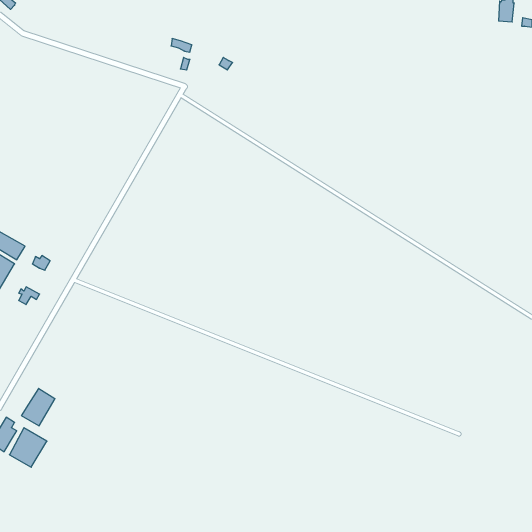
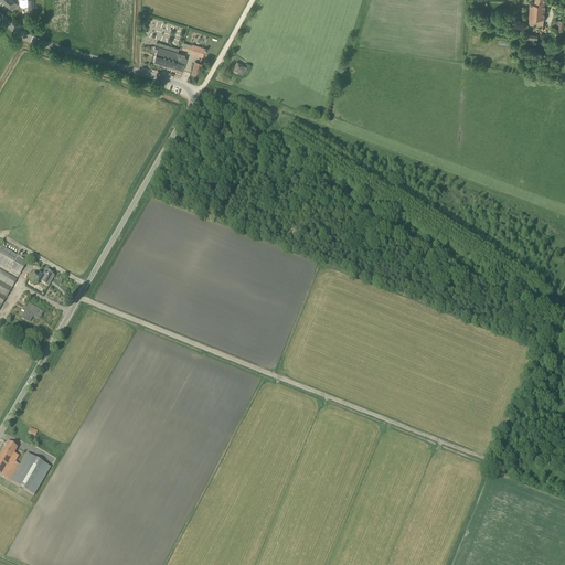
building: none -> [151,42,184,70]
building: [22,388,55,426] -> none

